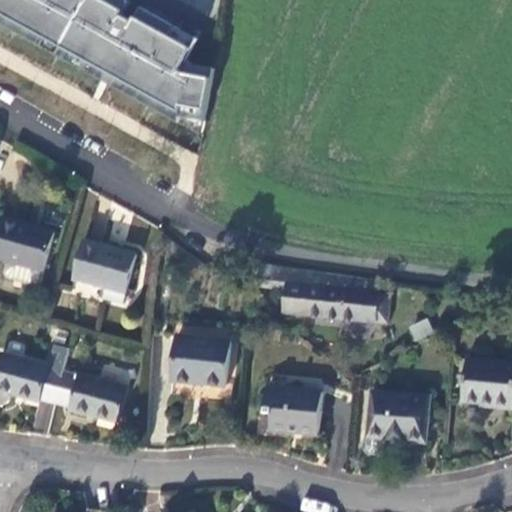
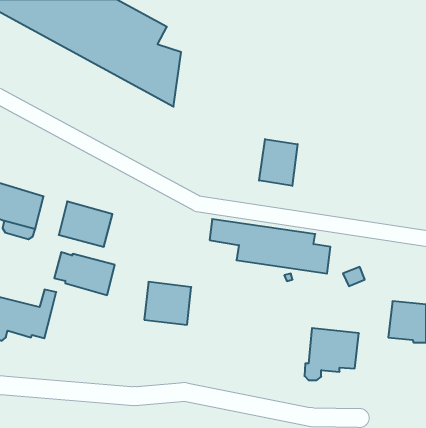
building: none -> [259,139,298,186]
building: [53,372,125,423] -> [54,252,115,295]
building: [265,388,322,435] -> none

